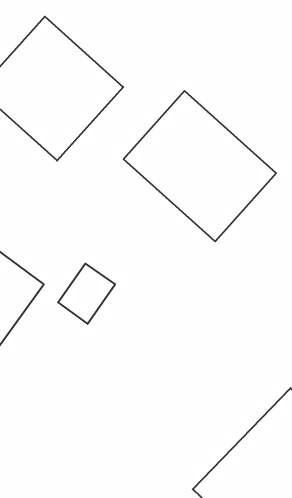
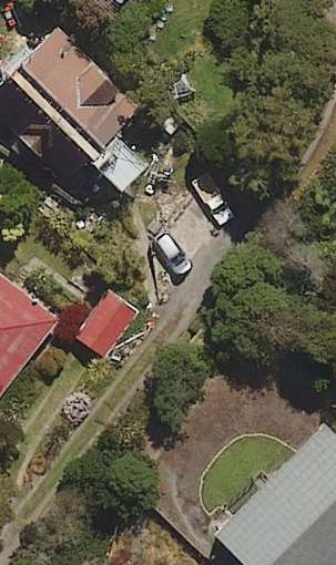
building: [124,91,276,241] -> none

